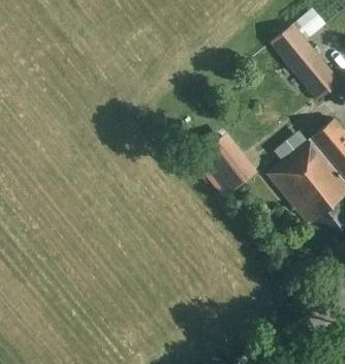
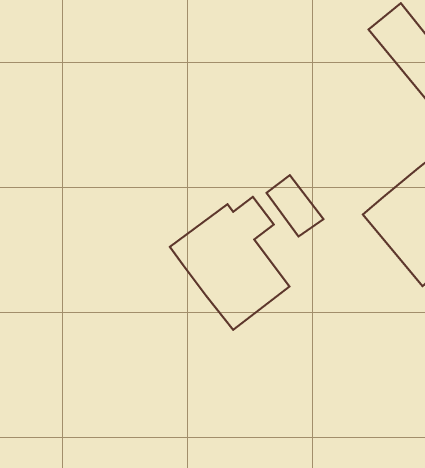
building: none -> [170,197,290,330]

